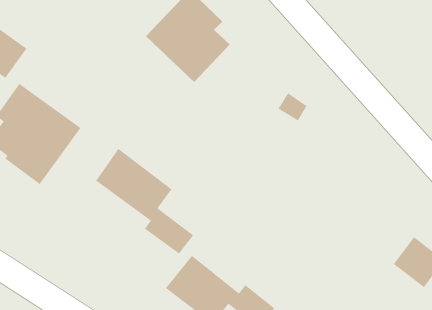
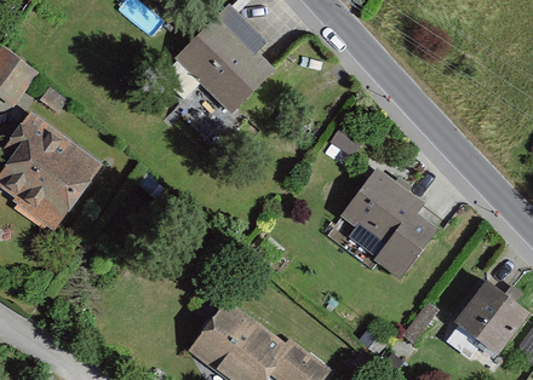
building: none -> [338,167,437,280]
building: [95,148,194,255] -> none

